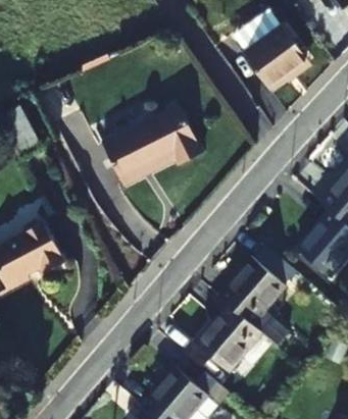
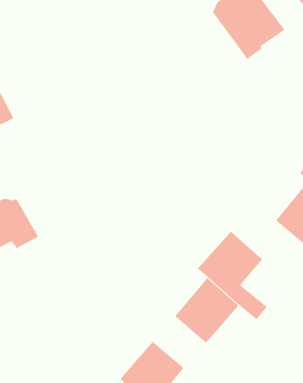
building: [104,105,203,181] -> none

